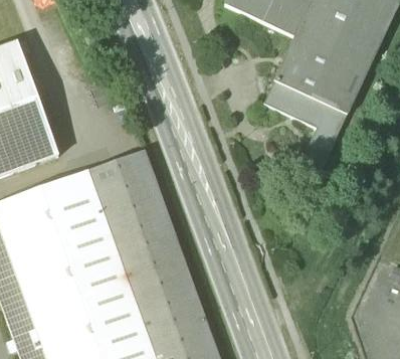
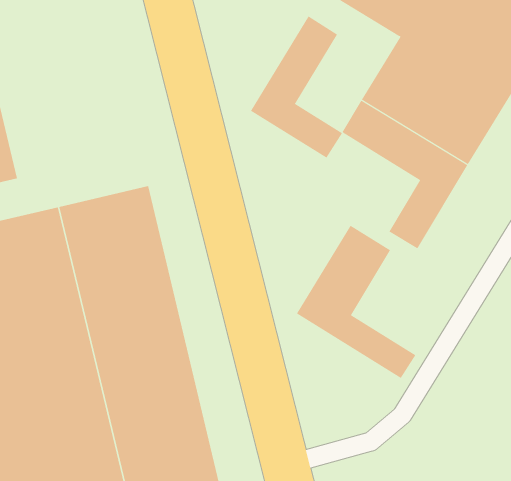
building: none -> [250,16,343,159]
building: none -> [296,225,416,379]

